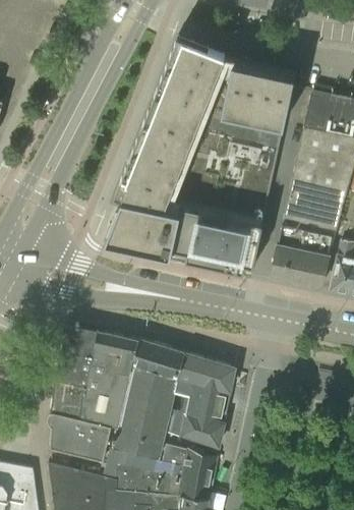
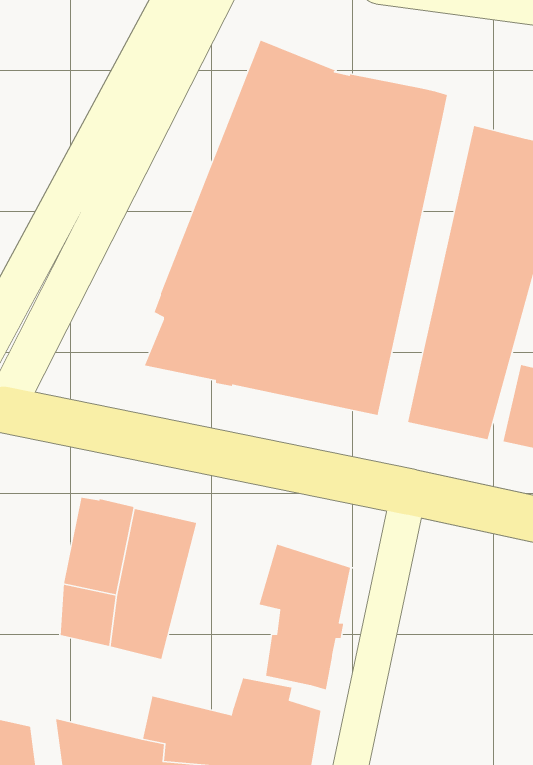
building: [112,340,188,458] -> none
building: [50,412,112,460] -> none

